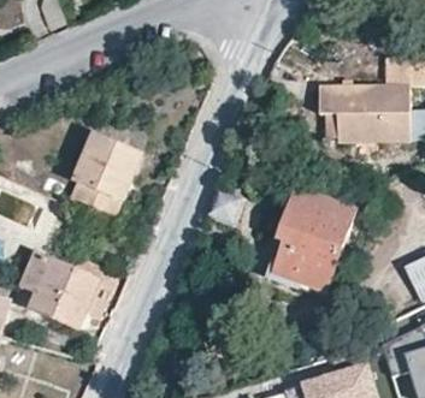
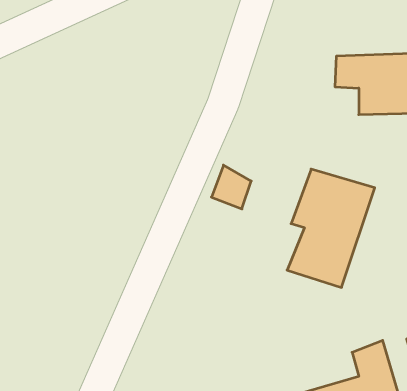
building: [69,136,142,221] -> none
building: [24,256,93,325] -> none

